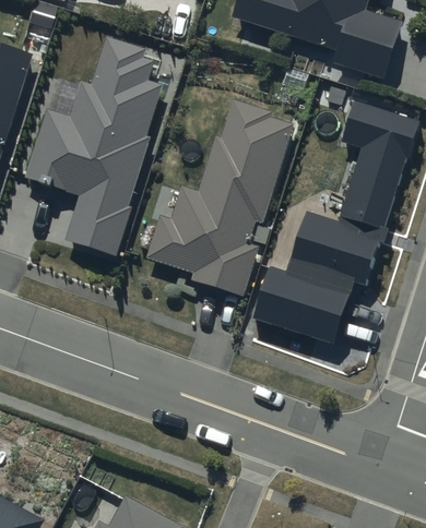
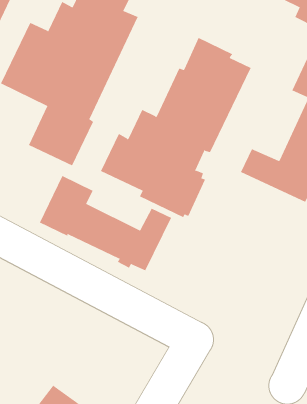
building: [252,256,355,344] -> none
building: none -> [39,175,172,271]

